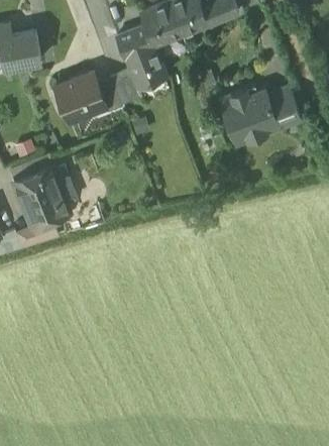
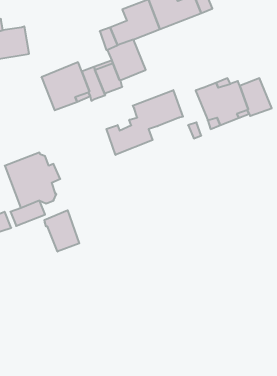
building: none -> [106,90,183,155]
building: none -> [44,210,79,252]

